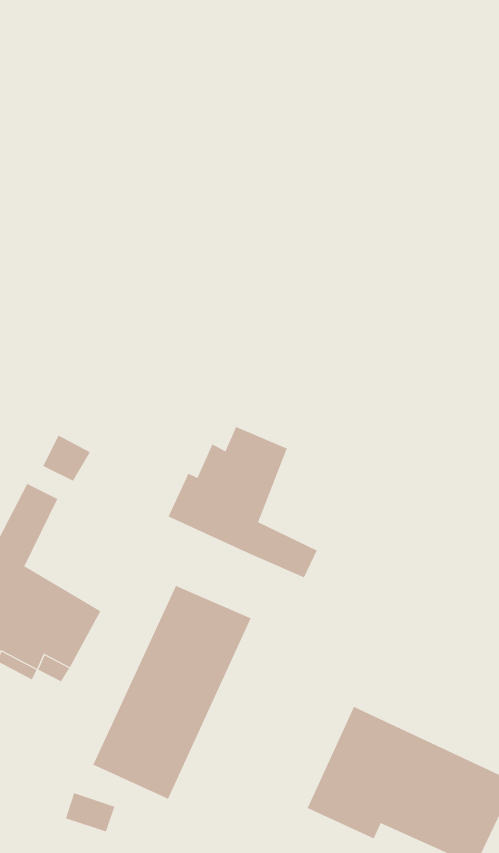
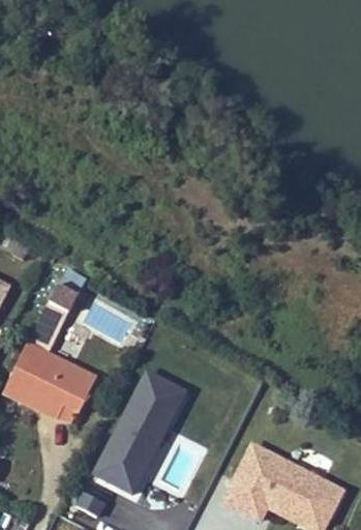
building: [168,426,317,578] -> none

